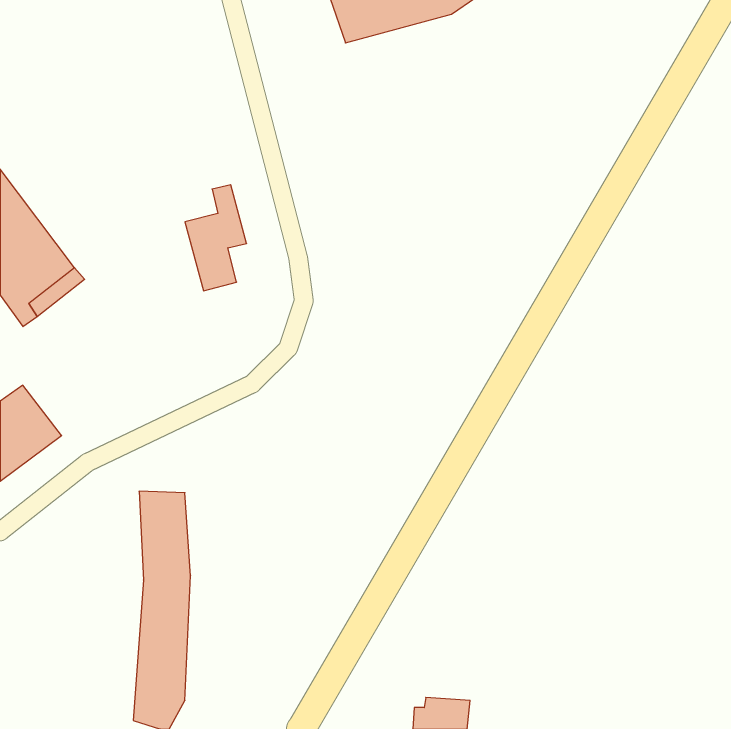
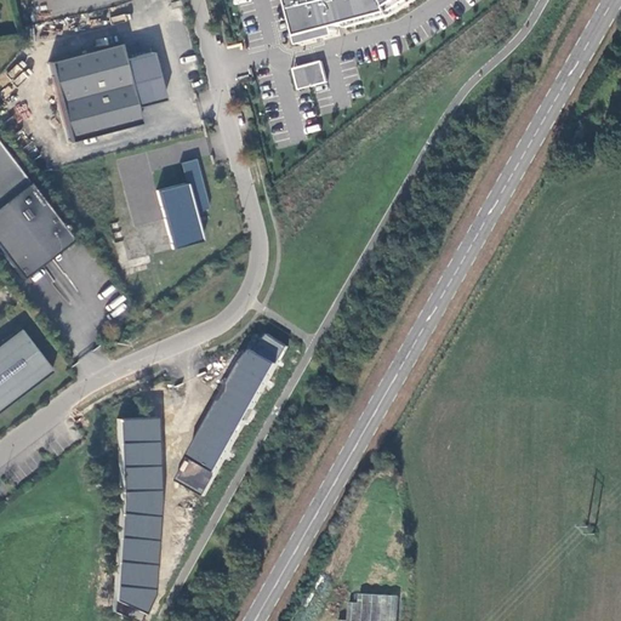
building: none -> [50,41,165,139]
building: none -> [292,58,326,87]
building: none -> [175,327,287,495]

